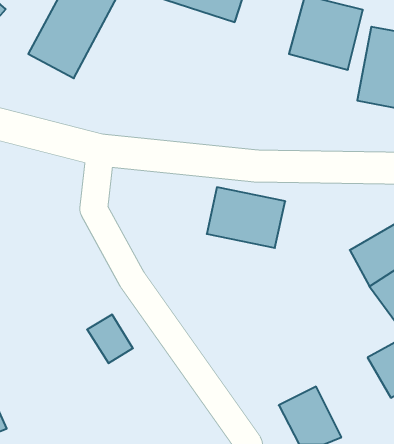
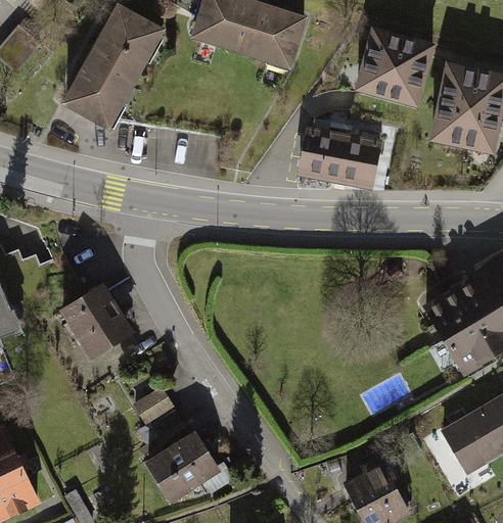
building: [207,187,285,248] -> [293,129,379,195]
building: none -> [51,285,128,364]
building: none -> [142,426,217,496]

